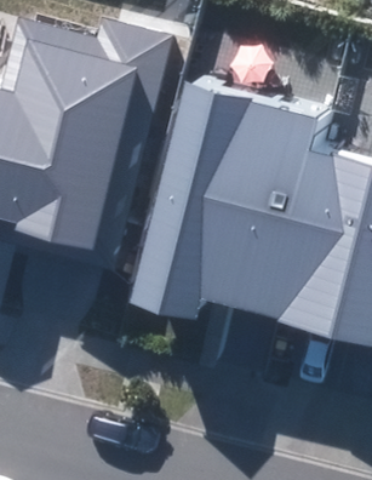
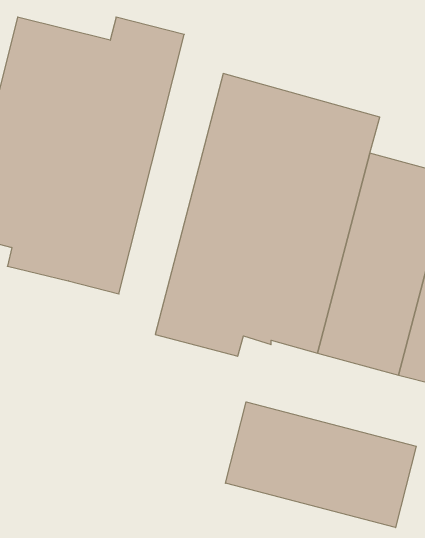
building: none -> [225,402,416,528]

